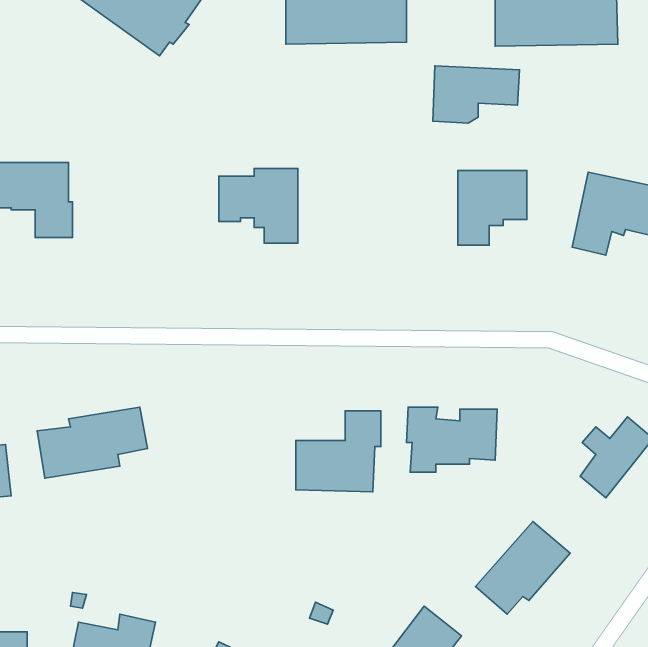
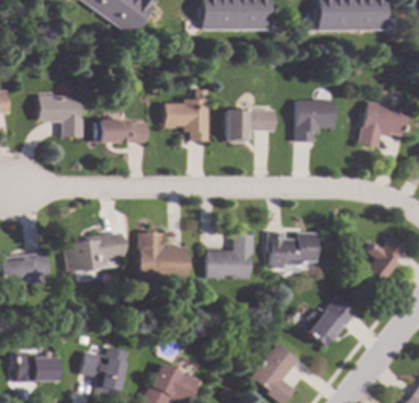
building: [433,66,520,123] -> [226,109,274,141]
building: none -> [93,120,147,145]
building: none -> [138,232,188,281]

